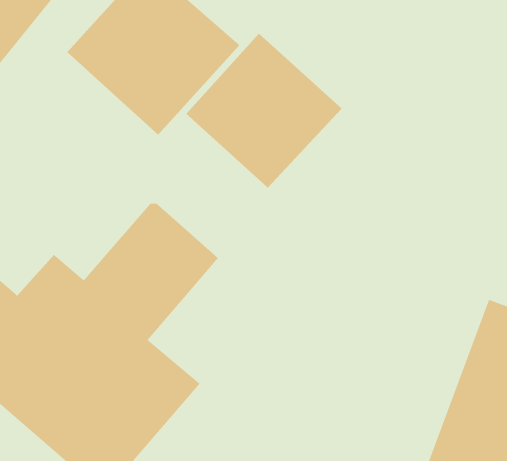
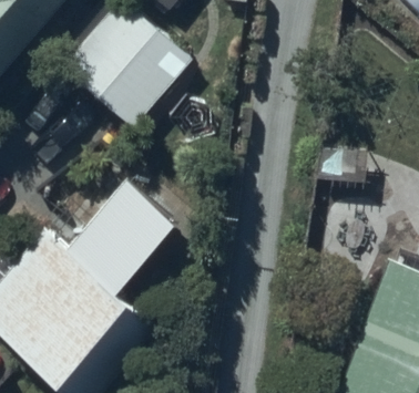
building: [186,33,343,188] -> none

